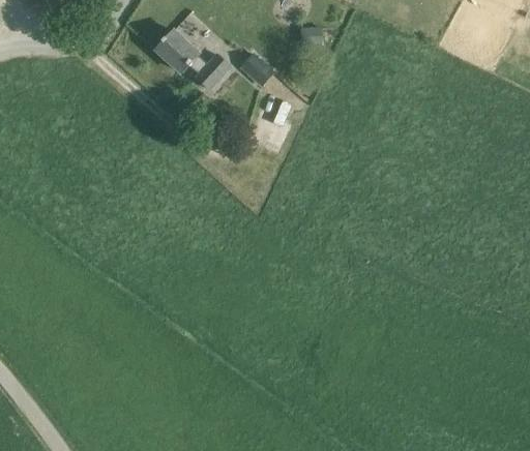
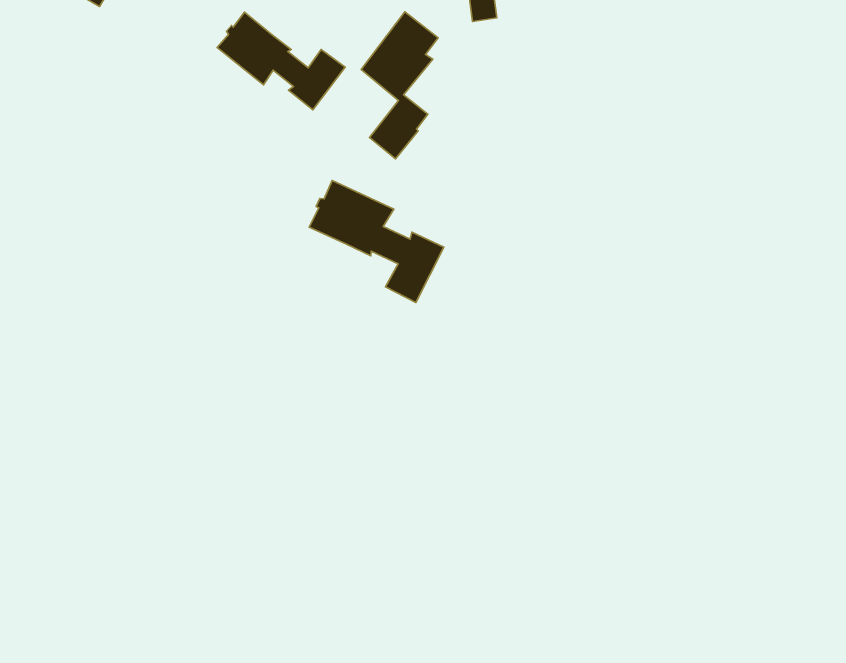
building: none -> [309,180,444,302]

